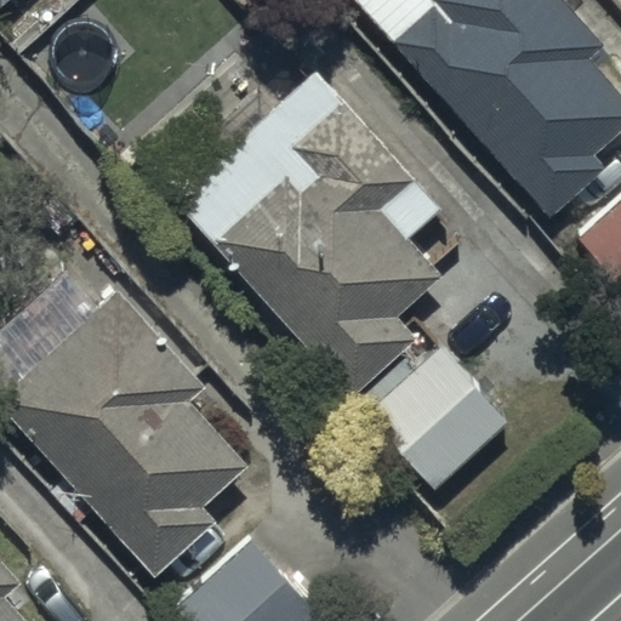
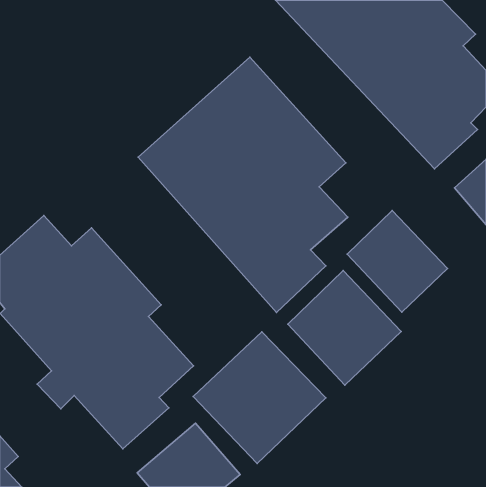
building: none -> [347,210,448,312]
building: none -> [193,332,326,464]

